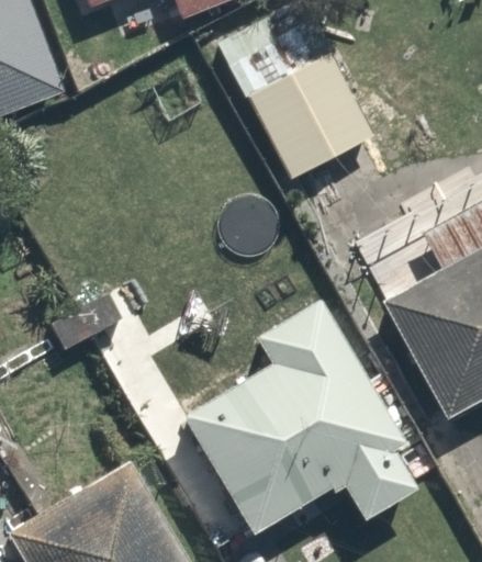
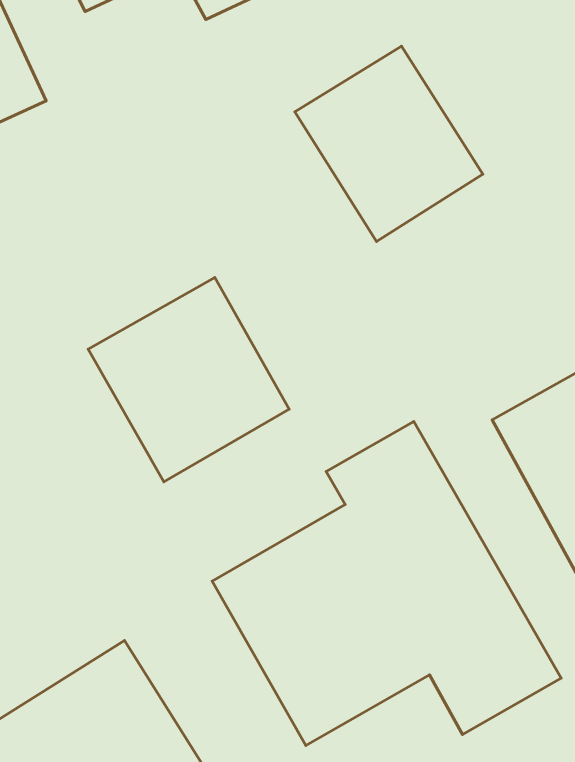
building: none -> [88,277,289,482]

